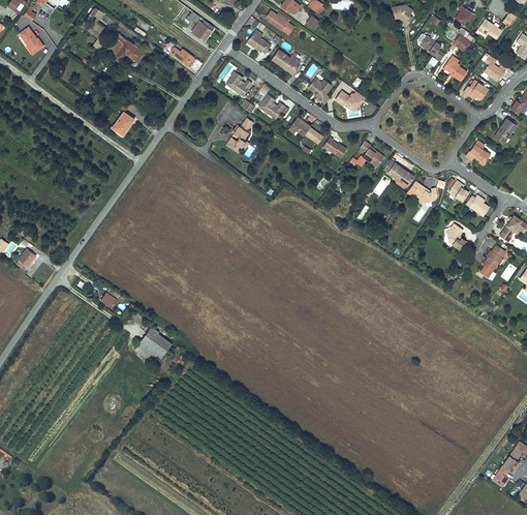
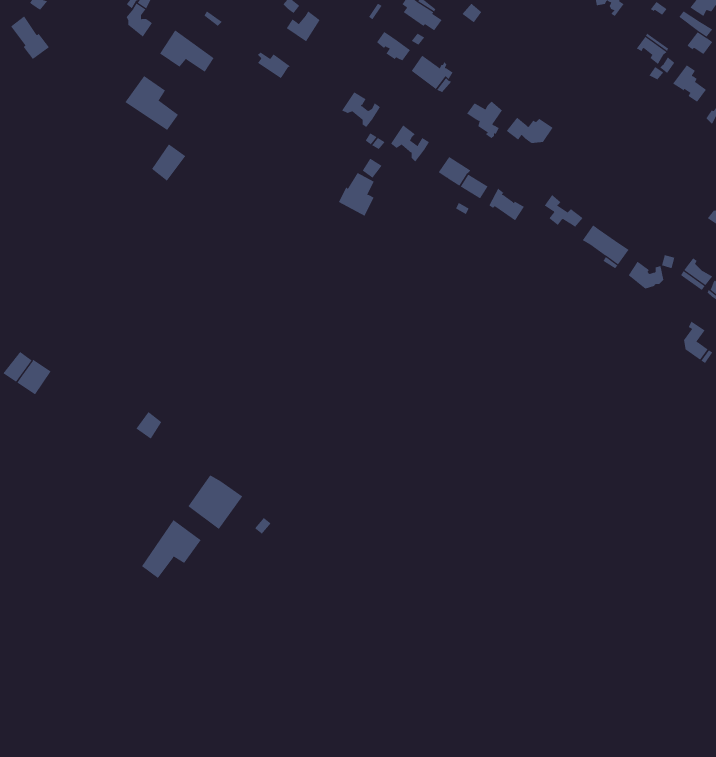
building: none -> [124,75,179,131]
building: none -> [141,519,201,579]

